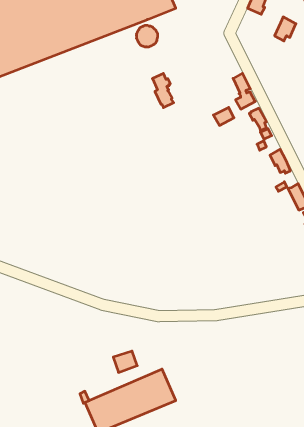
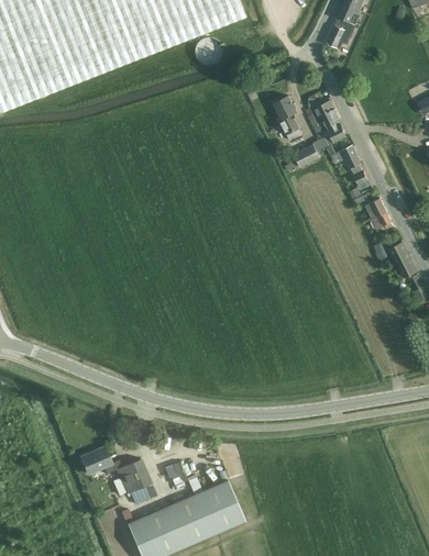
building: [275,17,296,41] -> [327,18,354,48]
building: [152,73,174,108] -> [274,96,301,140]
building: none -> [80,446,156,504]

